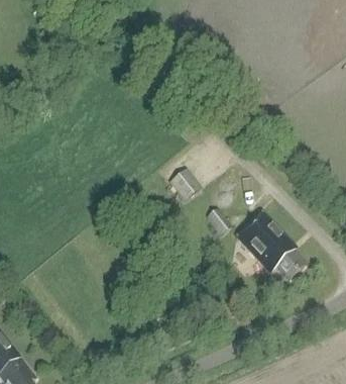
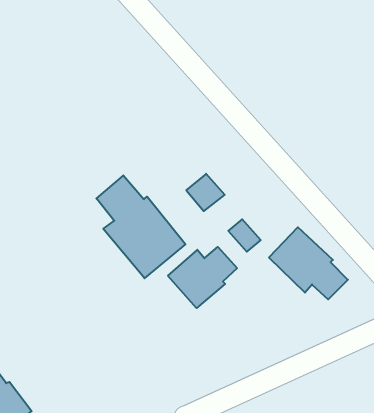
building: none -> [96,175,185,278]
building: none -> [168,247,237,308]

